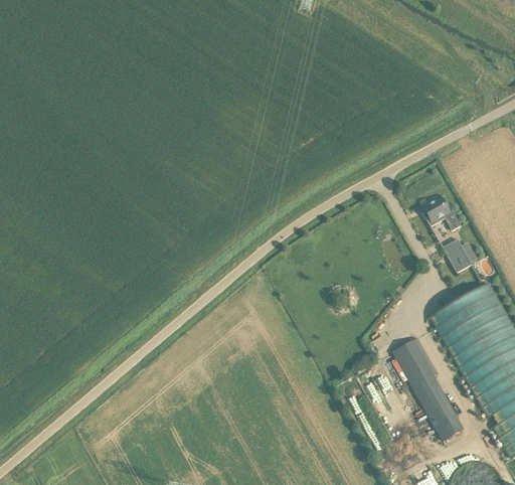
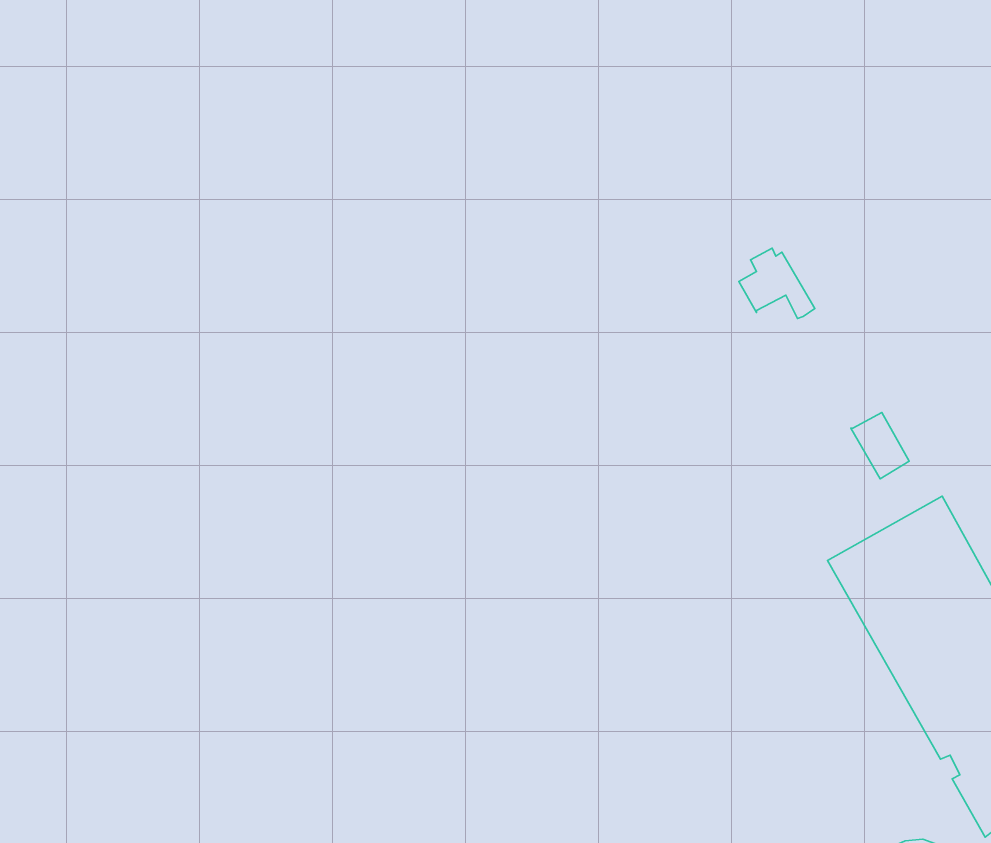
building: [420,194,460,230] -> [739,248,815,318]
building: [394,339,467,442] -> none

